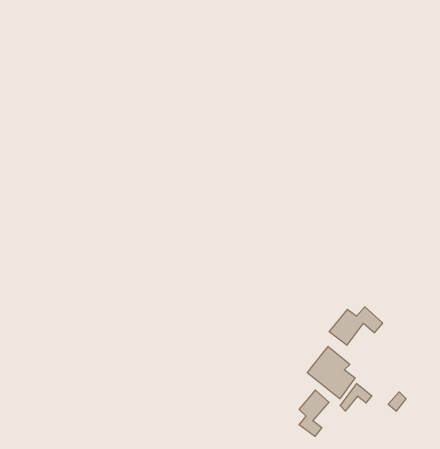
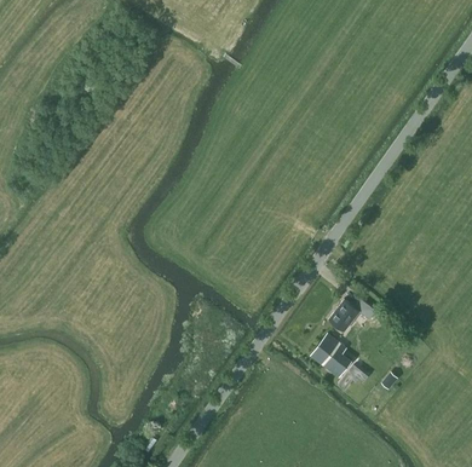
building: [299,390,329,436] -> none

